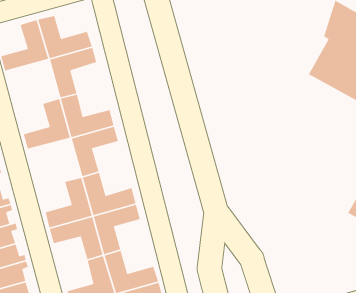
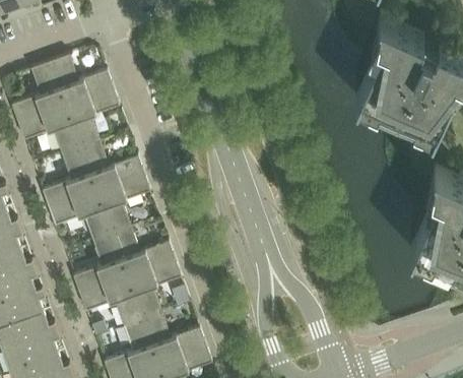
building: none -> [18,108,82,158]
building: none -> [50,194,113,243]

